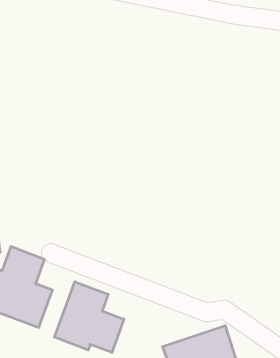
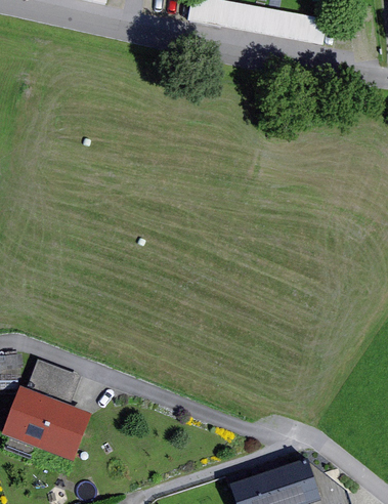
building: [54,282,124,353] -> none

